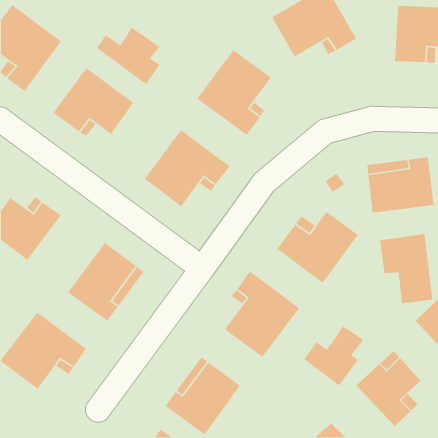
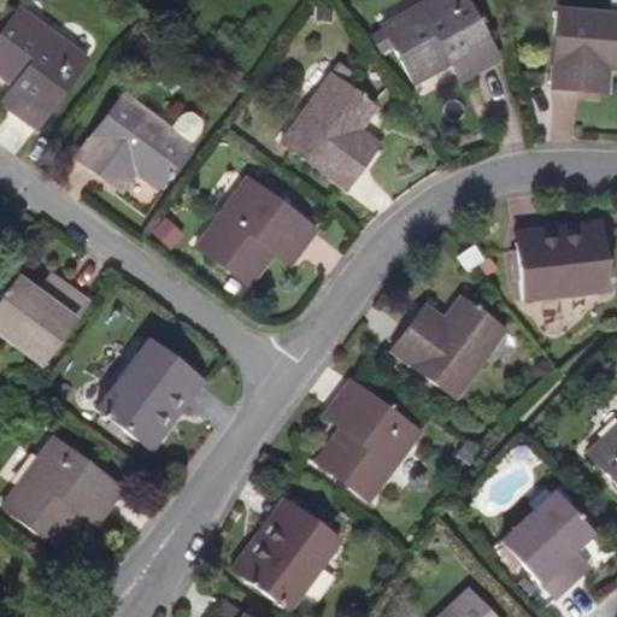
building: [96,27,161,85] -> none
building: [379,233,433,304] -> none
building: [303,325,364,387] -> none

